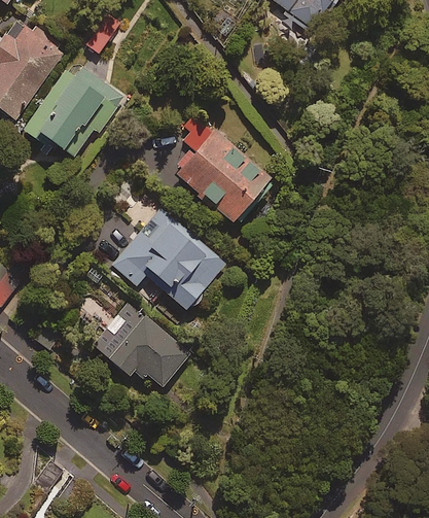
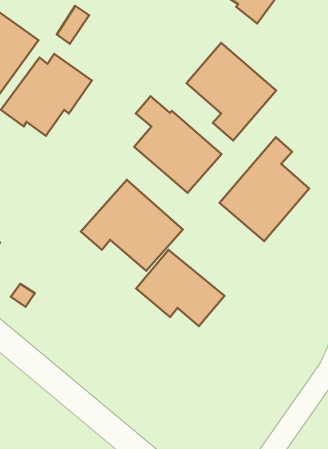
building: none -> [187,43,276,141]
building: none -> [220,137,309,241]
building: [92,302,190,387] -> [136,250,224,326]

